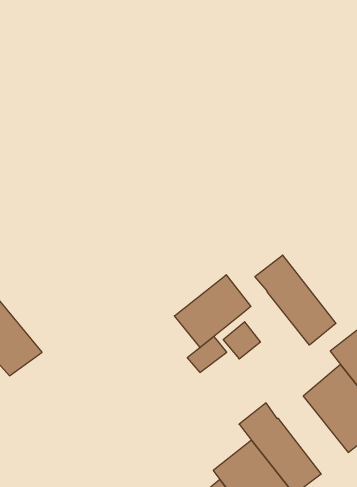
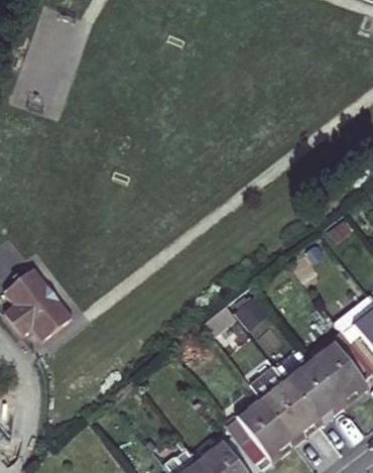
building: [255,255,336,345] -> none
building: [174,275,251,348] -> none
building: none -> [282,360,346,430]

